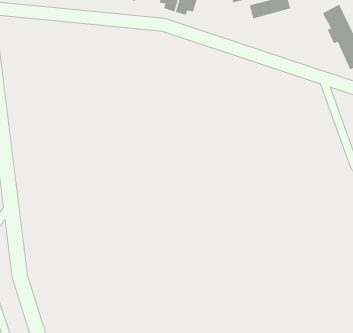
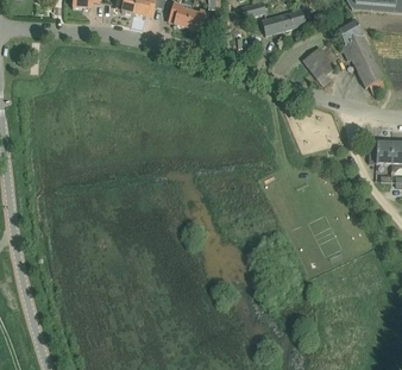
building: none -> [302,46,335,84]

